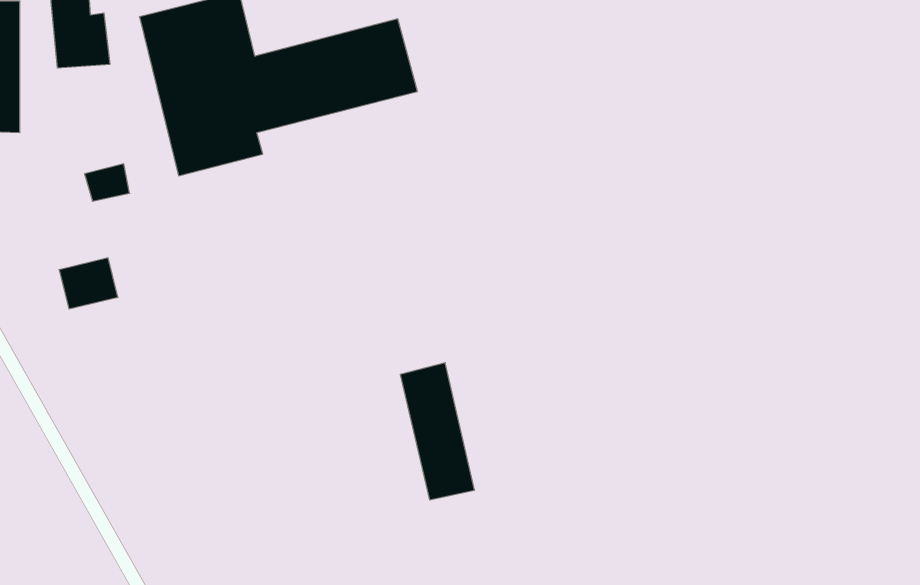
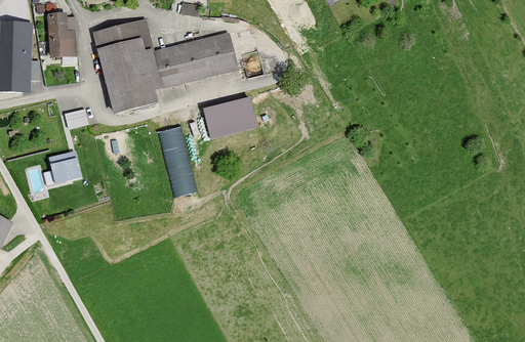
building: none -> [203,95,256,137]
building: [400,363,475,500] -> [159,121,198,193]

